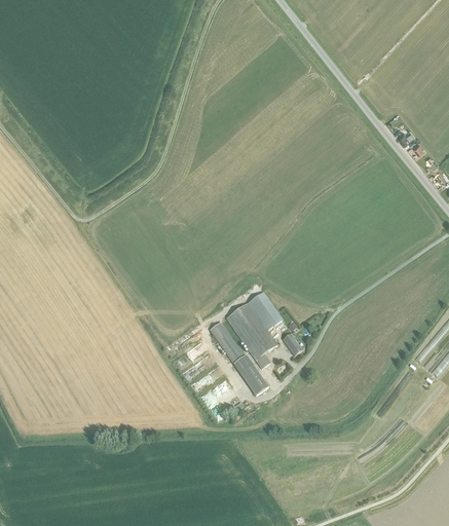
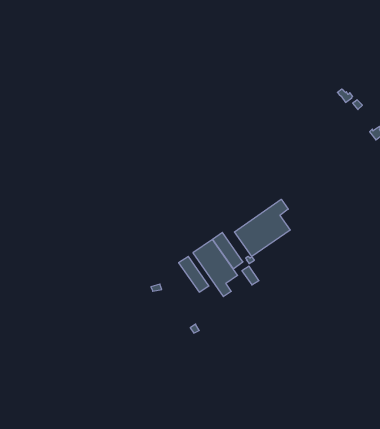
building: none -> [234,199,290,256]
building: [233,353,268,394] -> none

